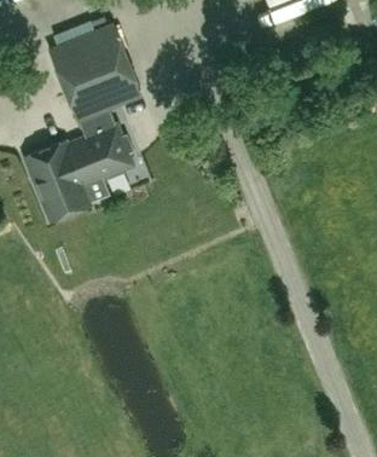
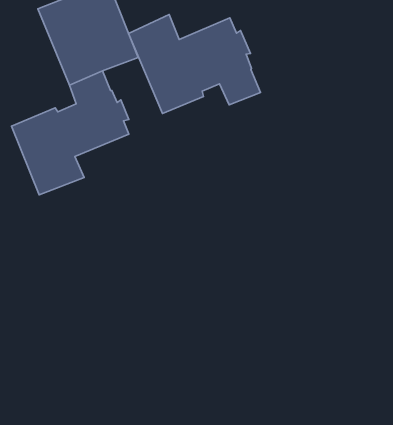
building: none -> [129,14,261,113]

